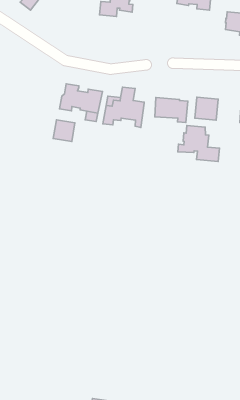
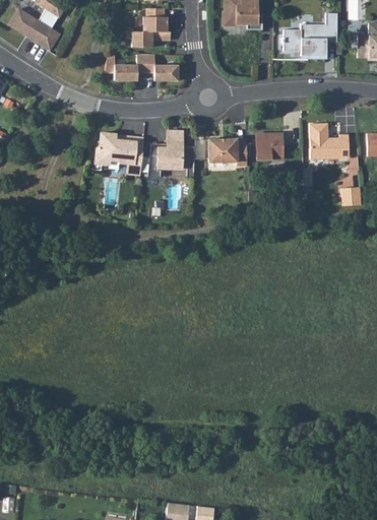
building: none -> [104,55,177,80]
building: [53,120,75,141] -> none
building: [178,126,219,162] -> none

